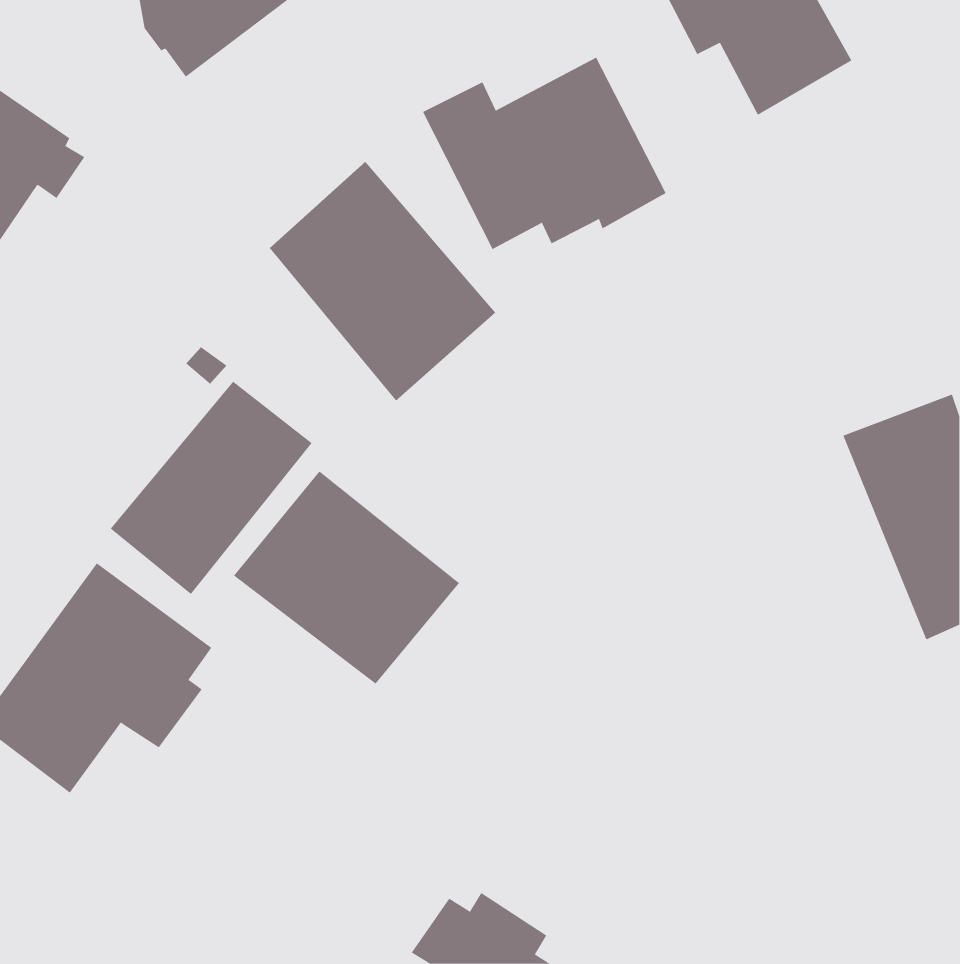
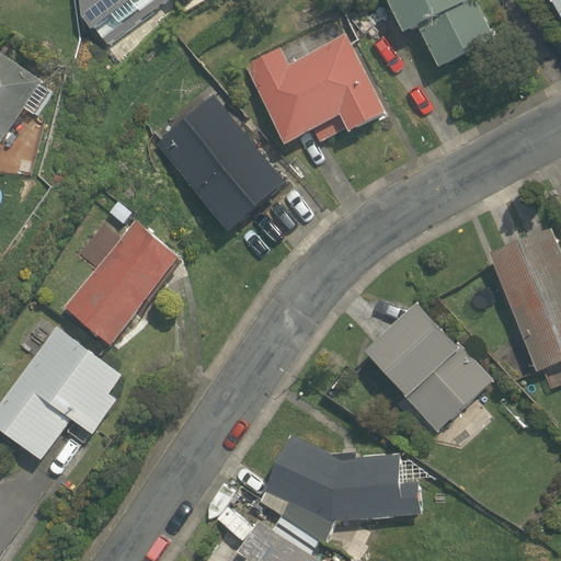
building: [233,471,460,685] -> none
building: none -> [365,302,492,430]
building: none -> [259,434,422,542]

